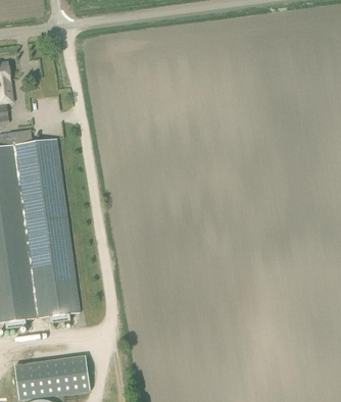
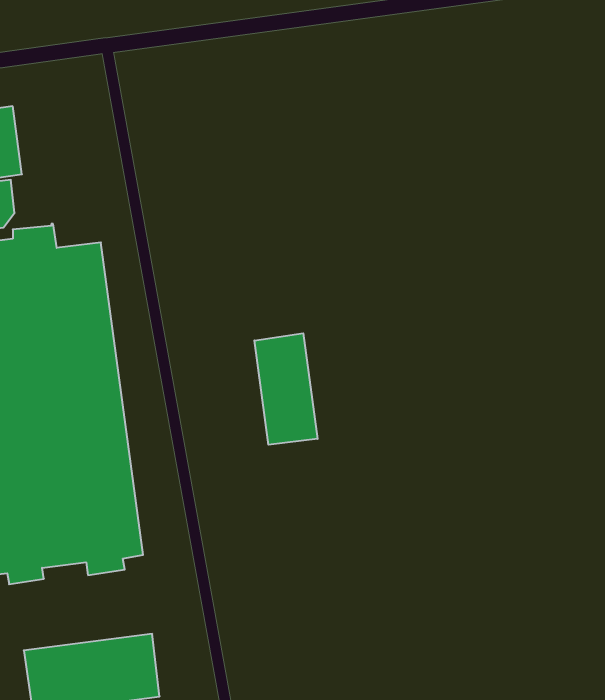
building: none -> [254,333,318,445]

